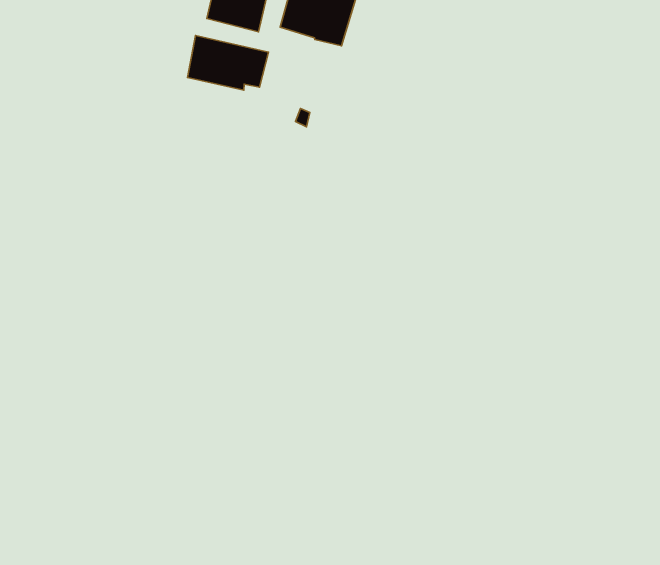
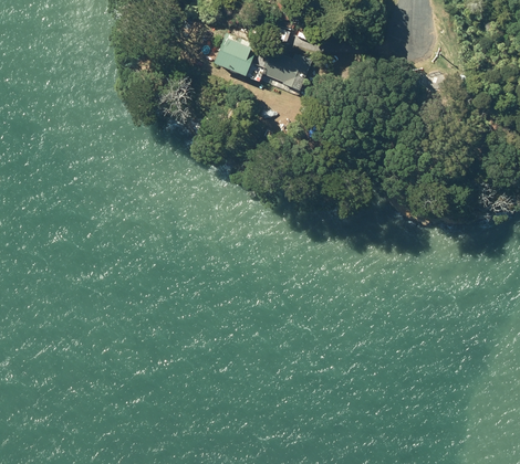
building: [188,35,269,90] -> none

